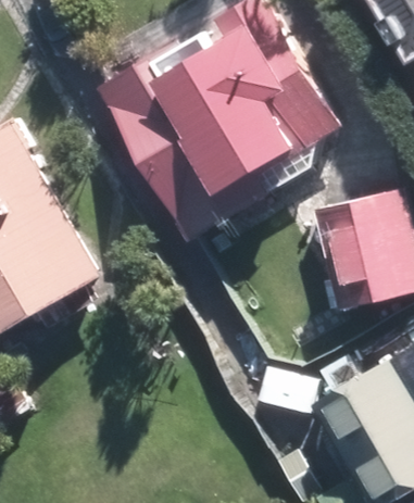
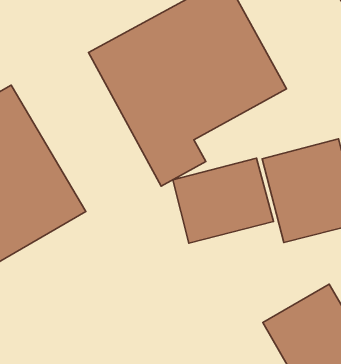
building: none -> [173,158,273,243]

